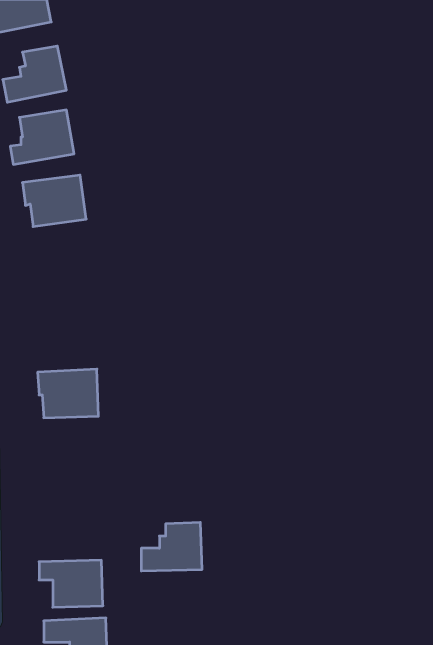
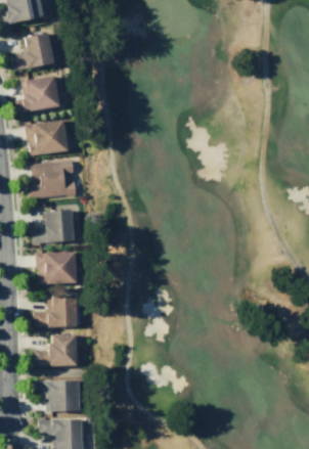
building: none -> [27,160,74,198]
building: none -> [32,210,74,242]
building: none -> [34,295,77,326]
building: [141,522,202,571] -> [36,333,77,366]

